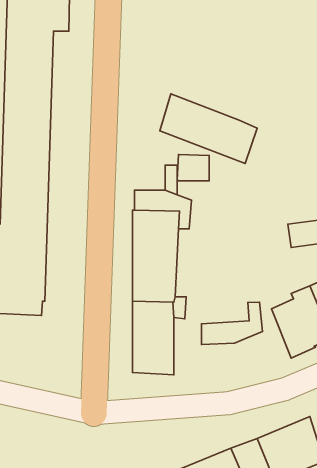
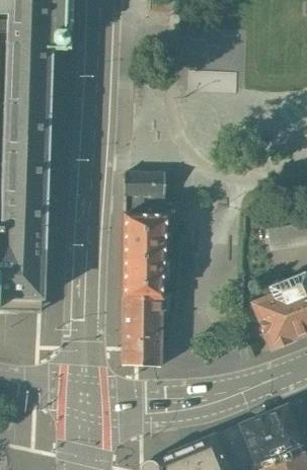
building: [160,94,257,164] -> none
building: [177,154,209,181] -> [125,170,154,194]
building: [201,302,262,344] -> none

